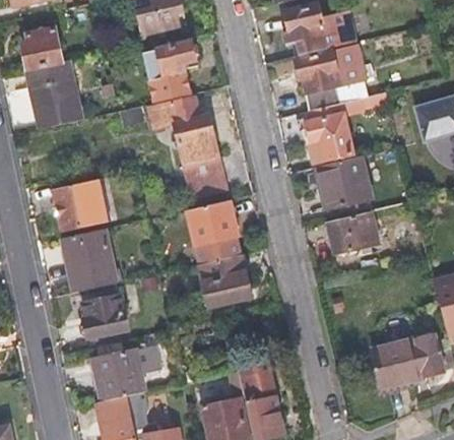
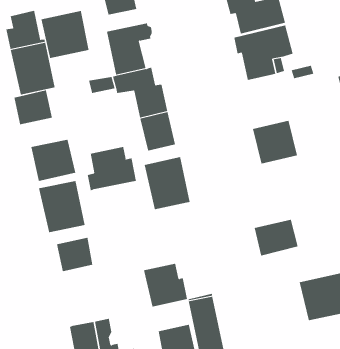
building: none -> [41,10,89,59]
building: [303,104,352,162] -> none
building: none -> [14,90,52,125]
building: none -> [87,146,137,191]
building: [326,211,379,255] -> [254,219,298,256]
building: [199,255,252,307] -> [143,263,188,307]
building: [92,351,146,400] -> none

